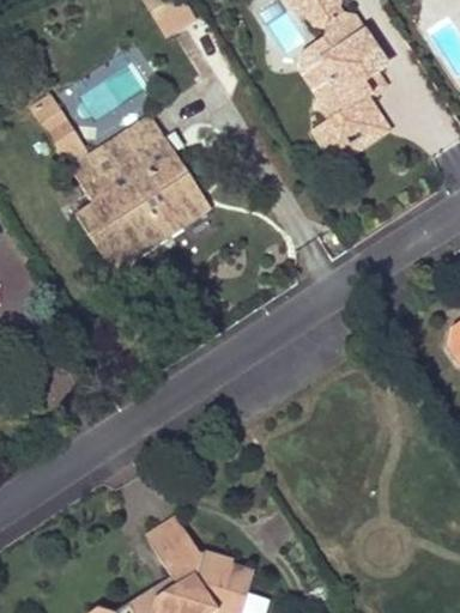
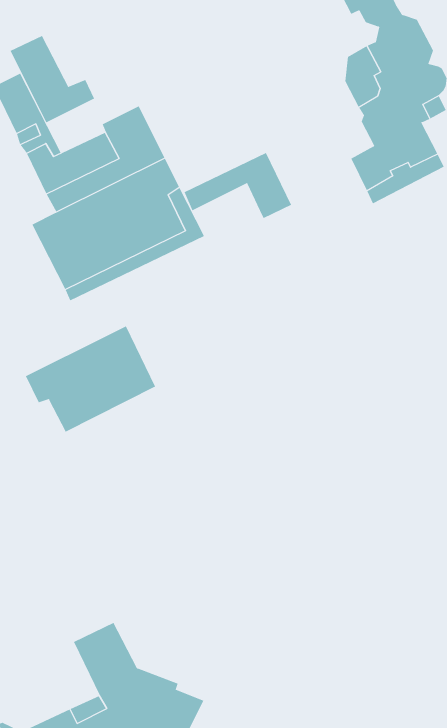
building: none -> [10,35,95,123]
building: none -> [184,152,292,219]
building: none -> [25,326,156,432]

